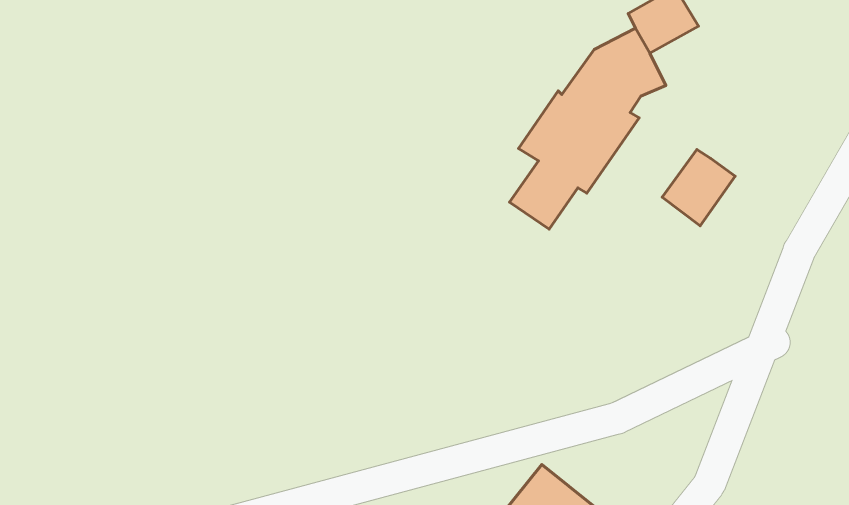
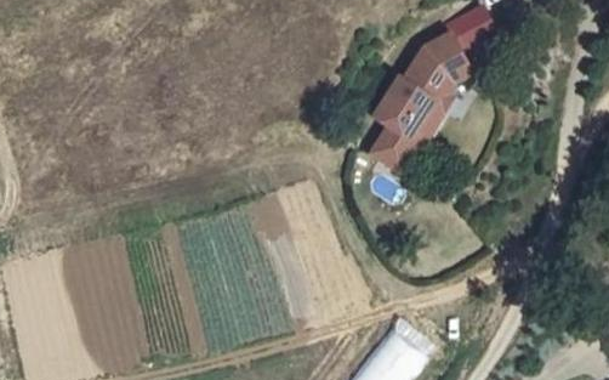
building: [662,150,735,226] -> none

